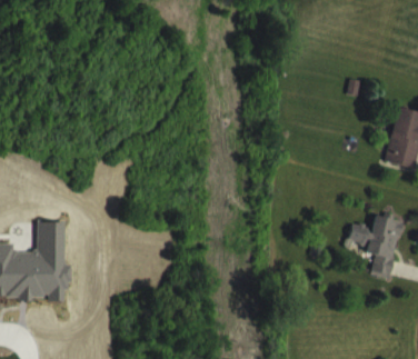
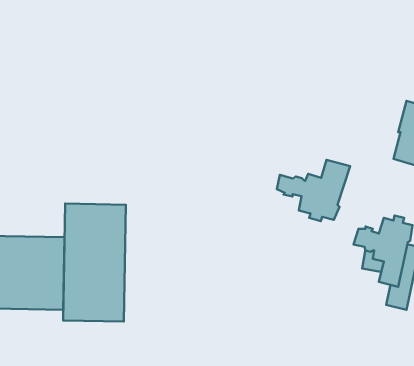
building: none -> [277,160,350,221]
building: none -> [63,204,126,322]

